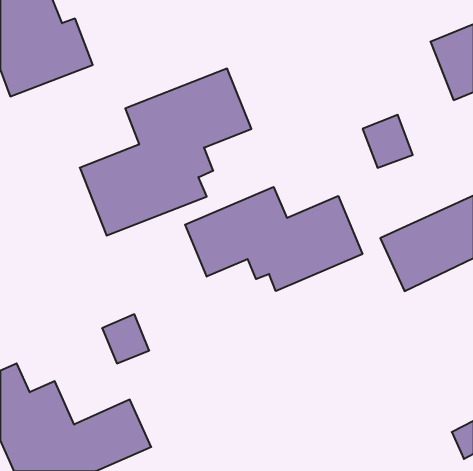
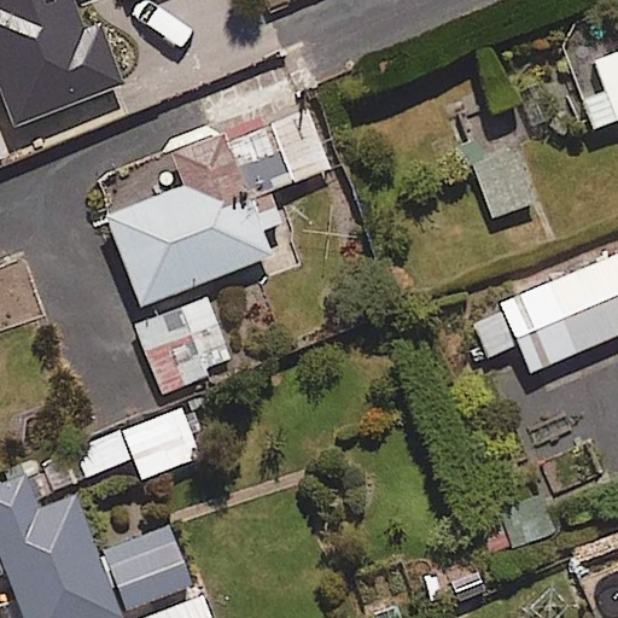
building: [185,187,362,291] -> none
building: none -> [132,298,233,396]

